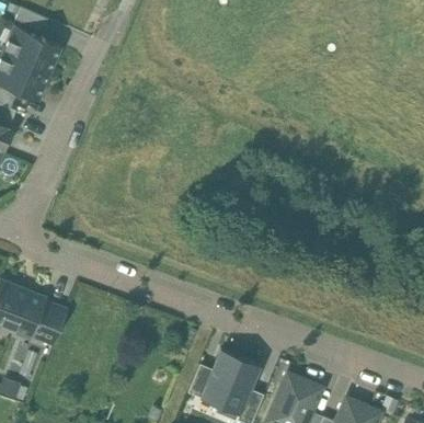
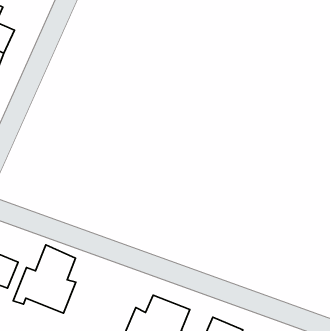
building: none -> [13,245,76,313]

